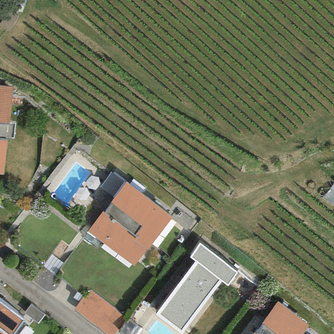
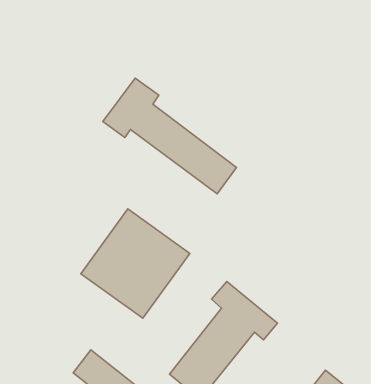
building: none -> [103,78,236,194]

